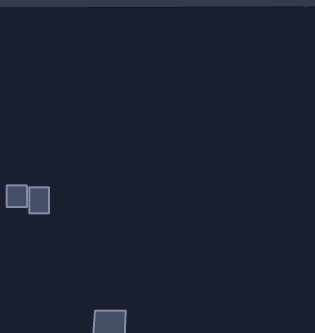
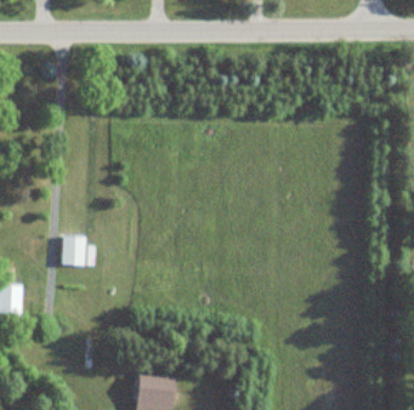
building: [7,185,27,207] -> none

